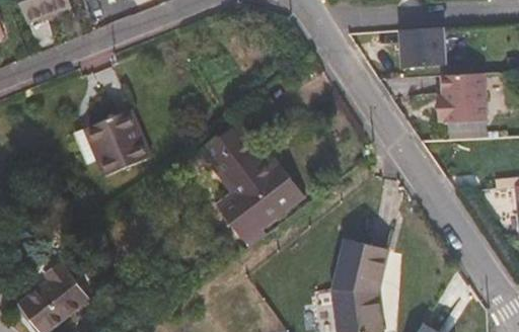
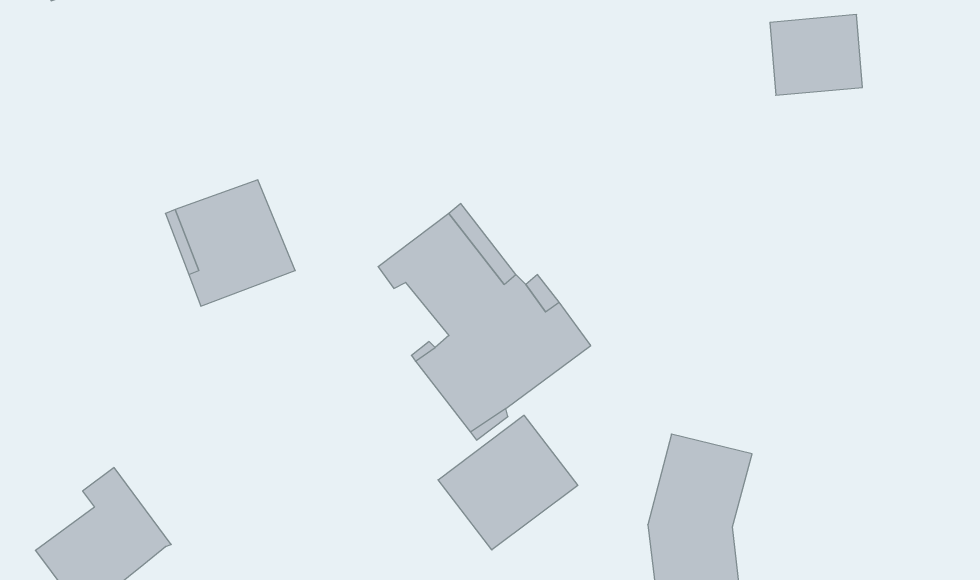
building: [444,74,491,122] -> none
building: none -> [438,415,578,550]

